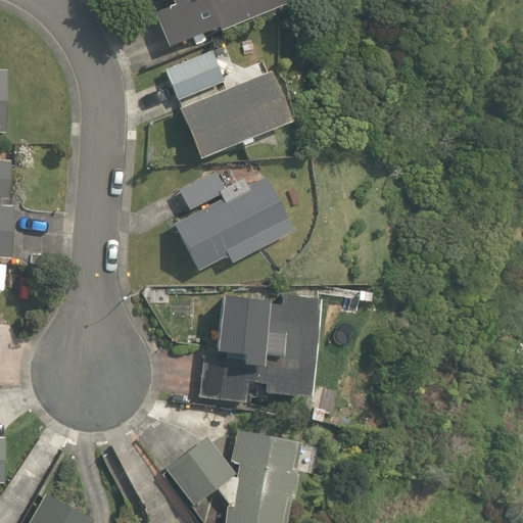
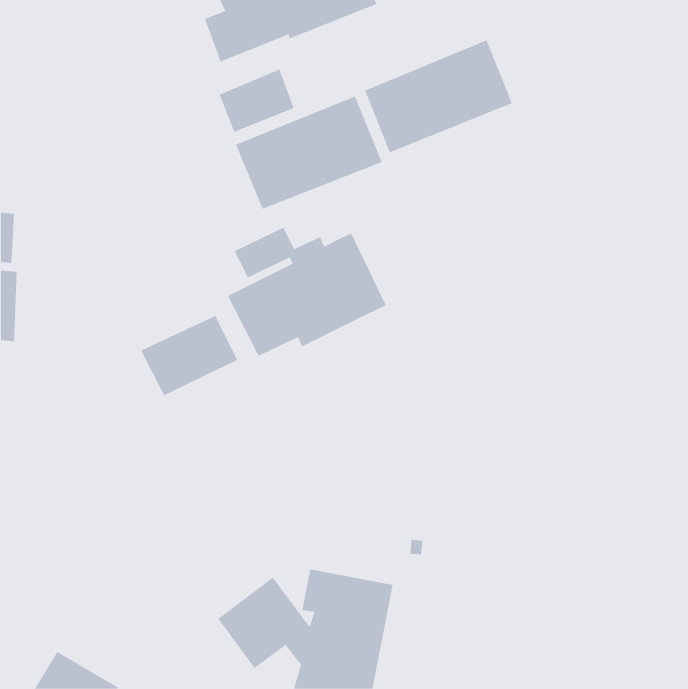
building: none -> [365,39,512,153]
building: none -> [140,315,238,396]
building: [200,294,317,401] -> none

